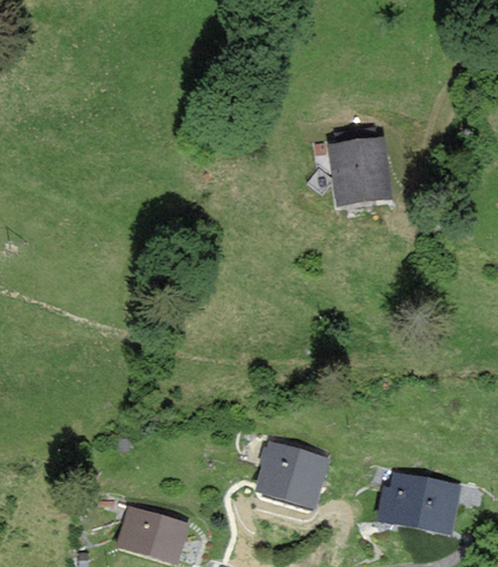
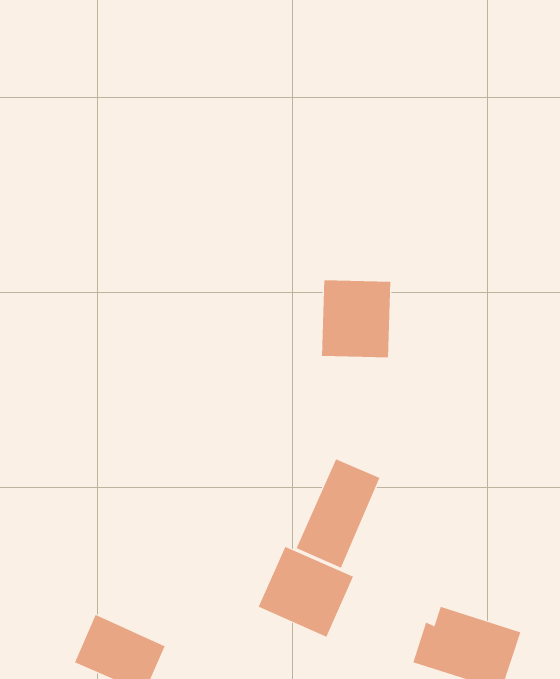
building: [333,141,390,204] -> [321,280,391,358]
building: none -> [296,459,380,569]

